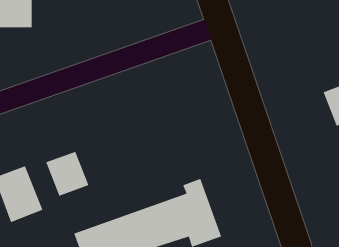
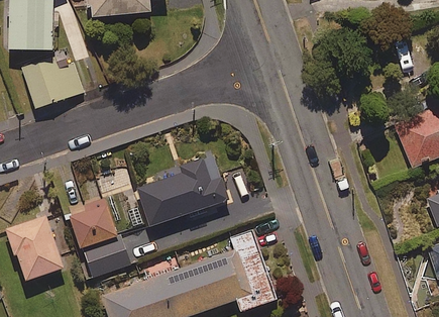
building: none -> [21,50,84,108]
building: none -> [137,154,228,227]
building: none -> [83,238,128,277]

